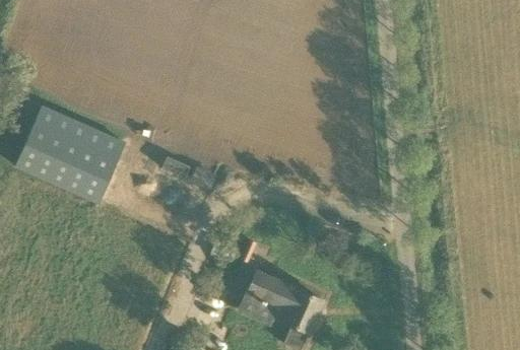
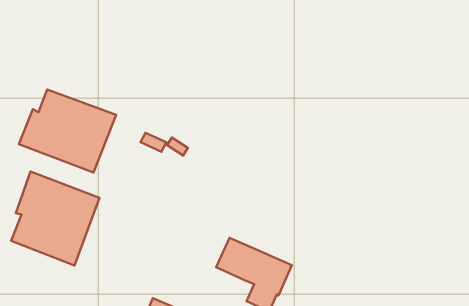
building: none -> [11,172,100,266]

